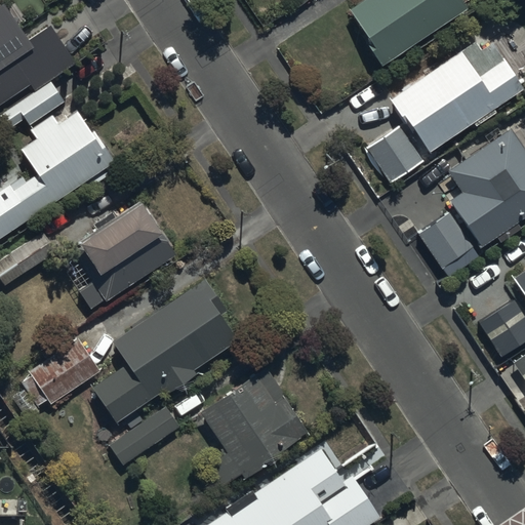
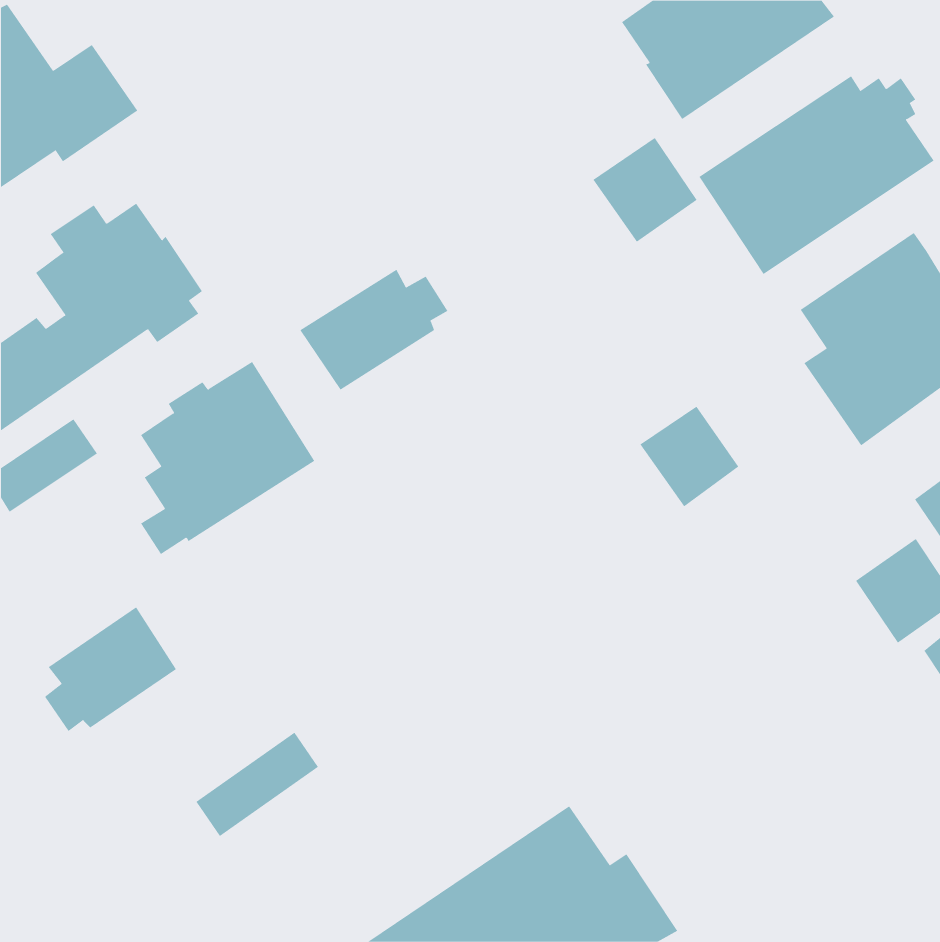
building: [364,126,422,185] -> [592,137,697,242]
building: none -> [300,269,448,391]
building: [416,213,472,270] -> [640,406,739,507]
building: [93,279,237,423] -> none
building: [199,368,307,487] -> none

